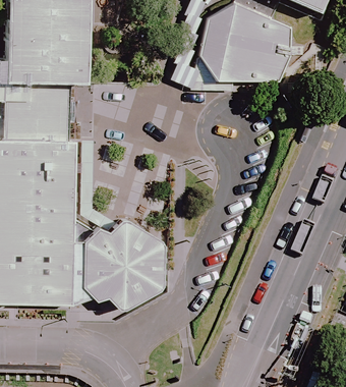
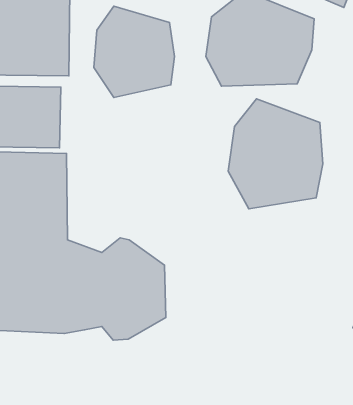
building: none -> [94,6,175,97]
building: none -> [228,99,323,209]

